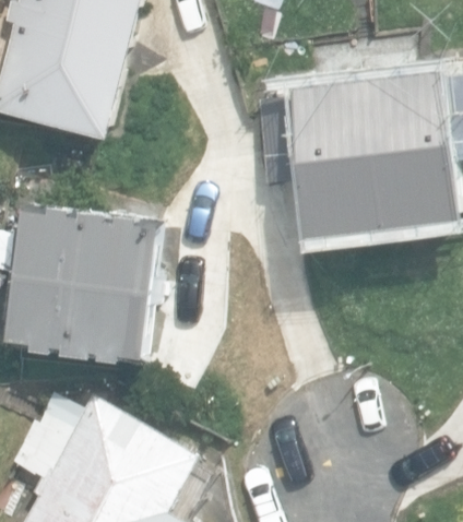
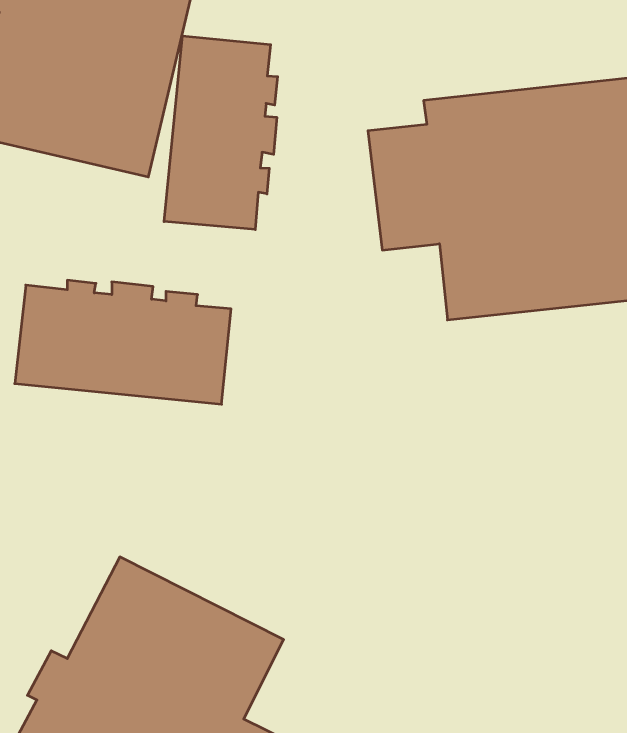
building: none -> [164,36,278,230]
building: [10,278,157,360] -> none

